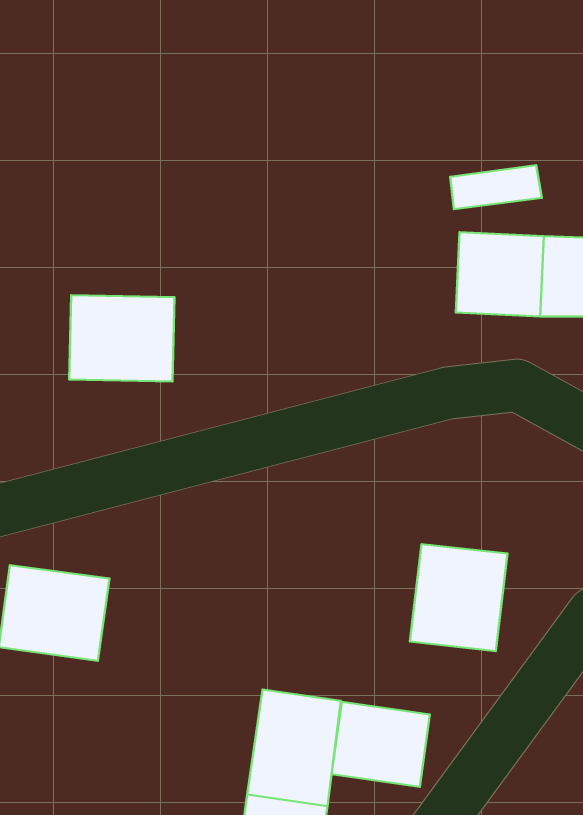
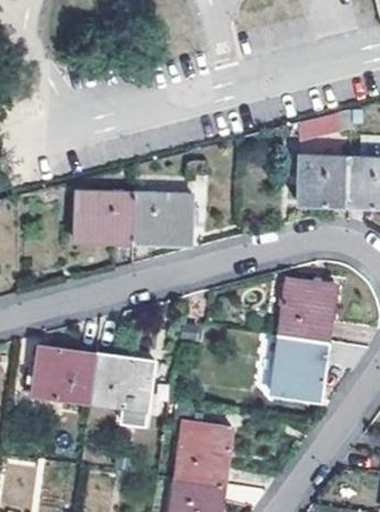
building: none -> [133,192,191,241]
building: none -> [278,278,334,341]
building: none -> [90,355,153,428]
building: [332,702,430,787] -> none

